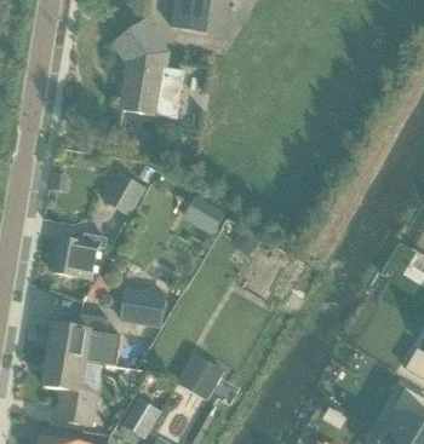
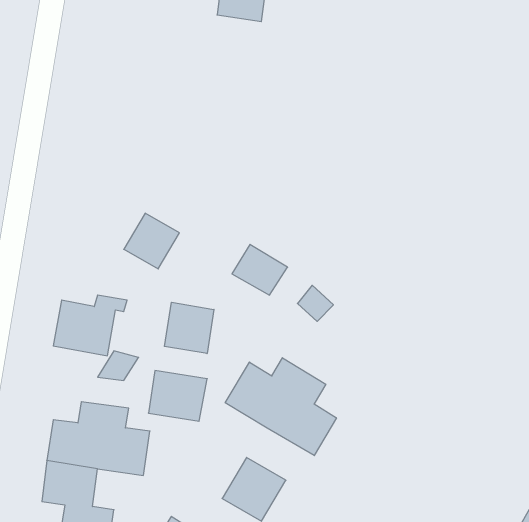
building: [114,19,183,116] -> none
building: none -> [164,302,214,354]
building: none -> [225,358,336,456]

